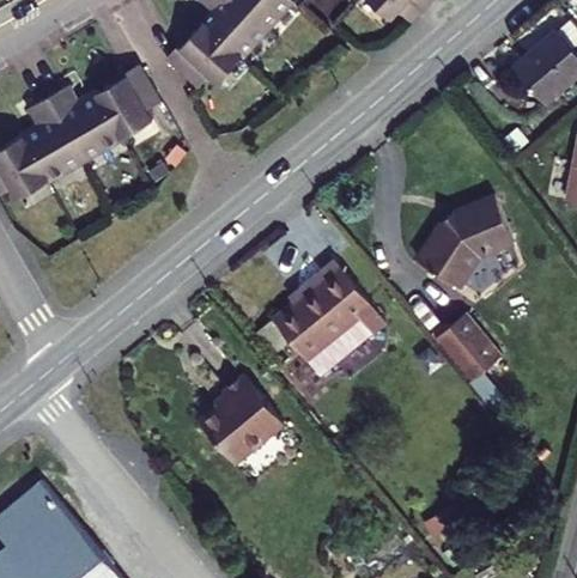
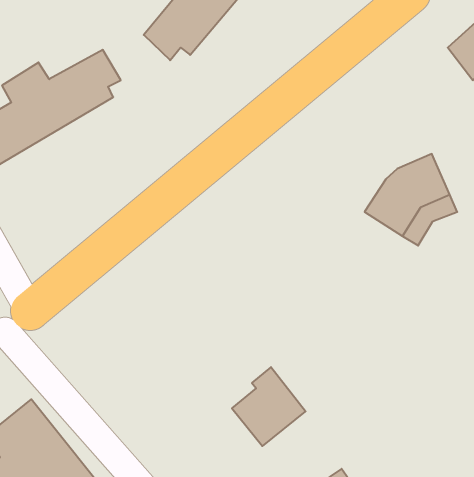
building: [269,264,381,379] -> none
building: [436,312,500,381] -> none
building: [200,372,284,462] -> [232,367,306,446]

